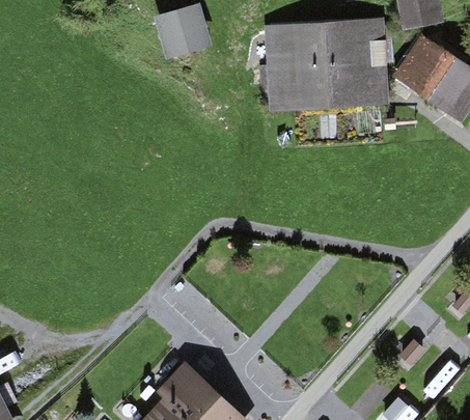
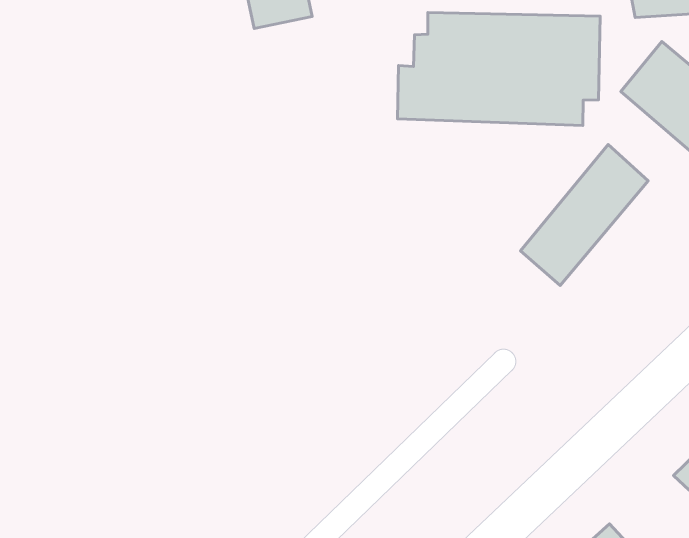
building: none -> [520,145,648,286]

